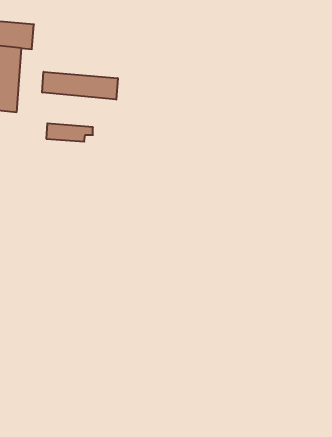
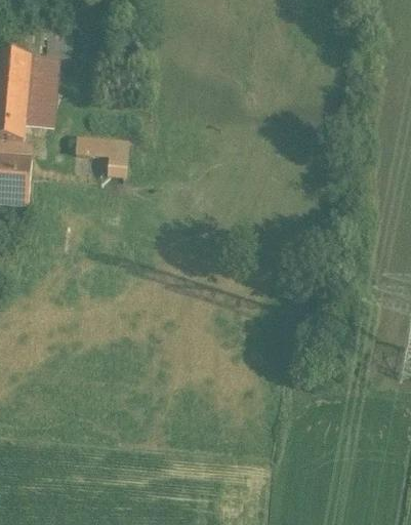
building: [42,72,118,100] -> none

